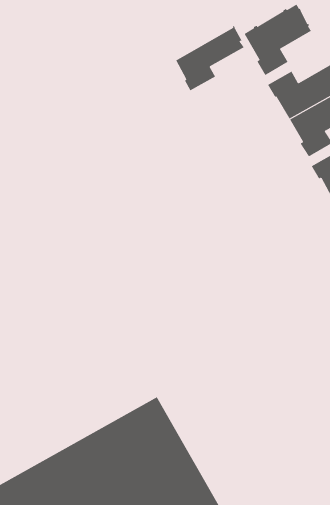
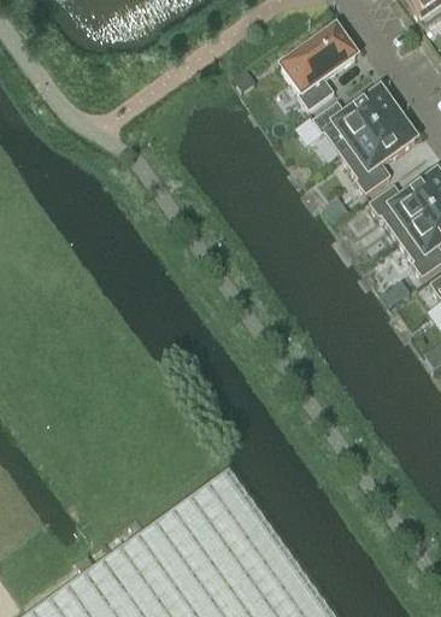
building: [176,26,245,91] -> none

